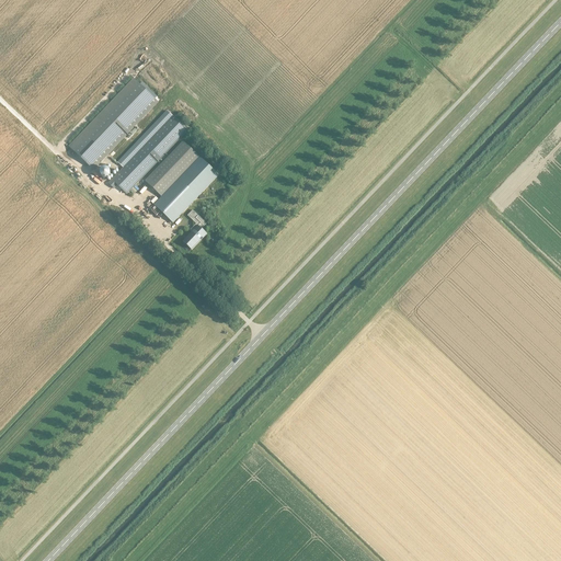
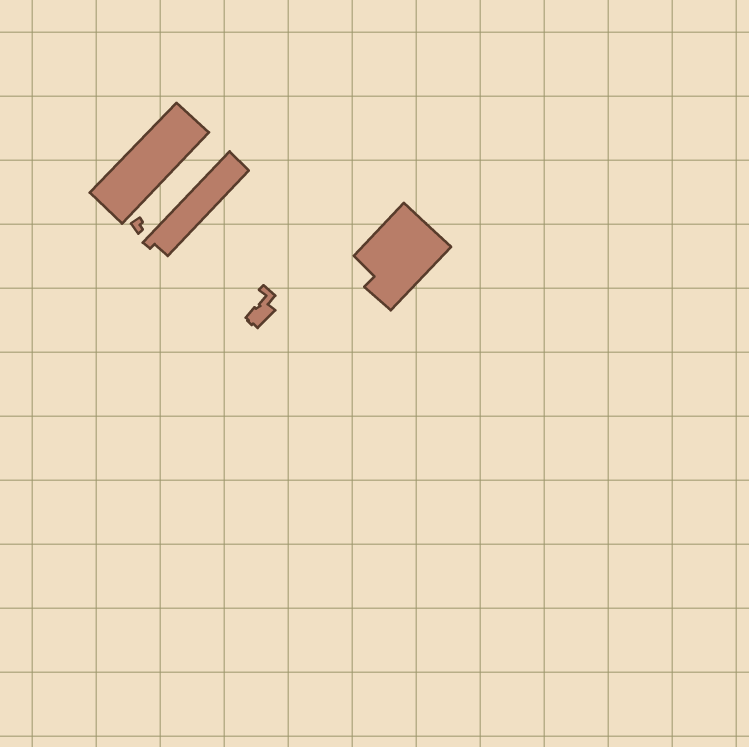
building: [144,139,216,219] -> [354,203,451,310]

